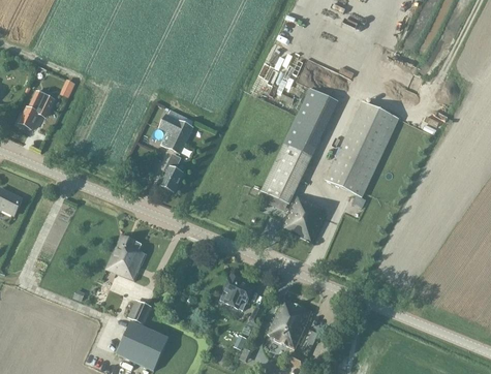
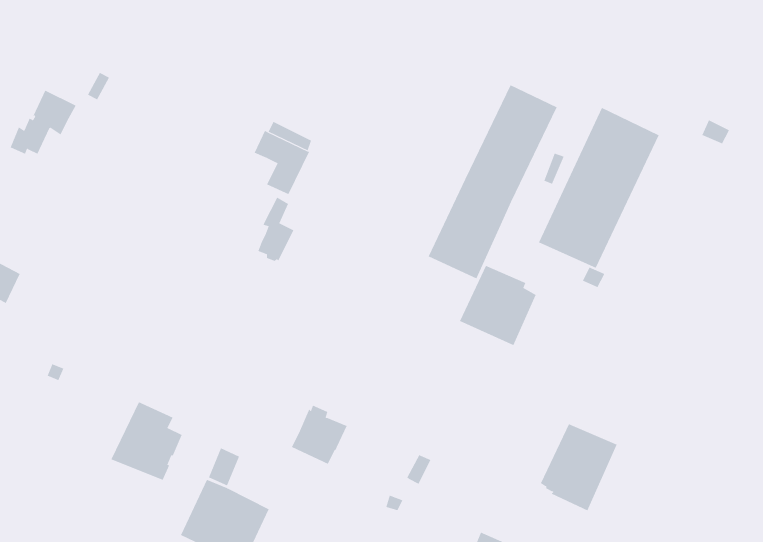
building: [104,235,147,281] -> [110,402,182,481]
building: [220,275,253,310] -> [291,405,347,465]
building: [267,299,312,350] -> [540,424,618,511]

